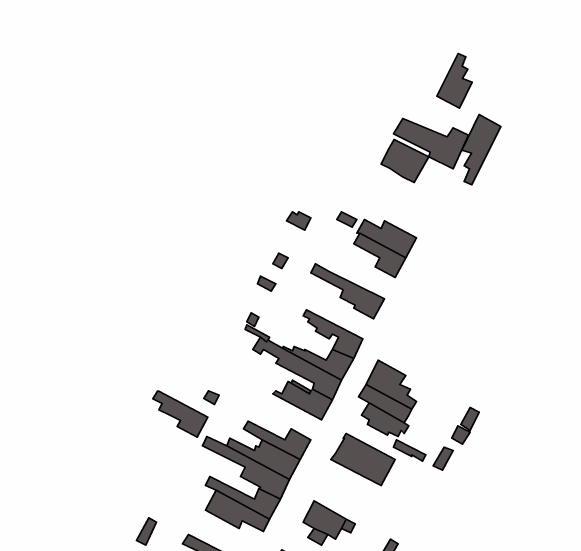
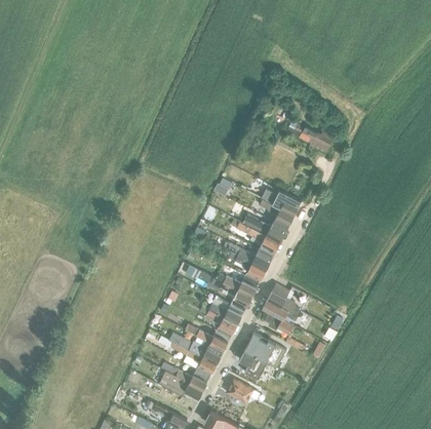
building: [437,53,472,108] -> none
building: [462,115,501,185] -> none
building: [381,139,429,183] -> none
building: none -> [243,215,287,242]
building: none -> [228,243,273,269]
building: [153,391,208,437] -> [201,306,238,337]
building: none -> [239,350,268,380]

